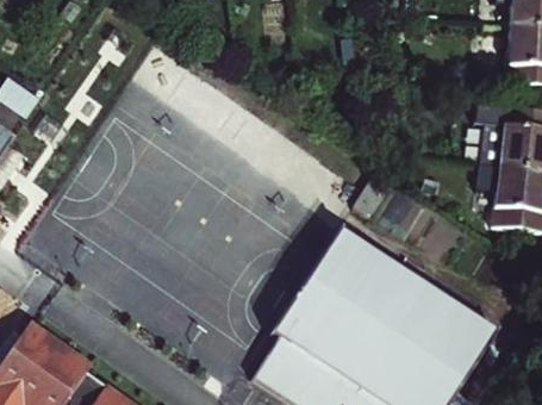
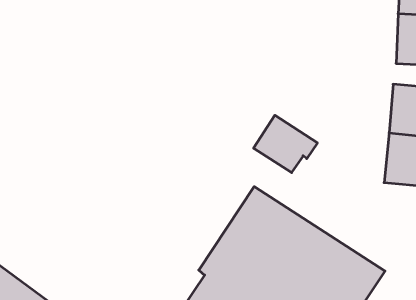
building: none -> [254,115,317,173]

